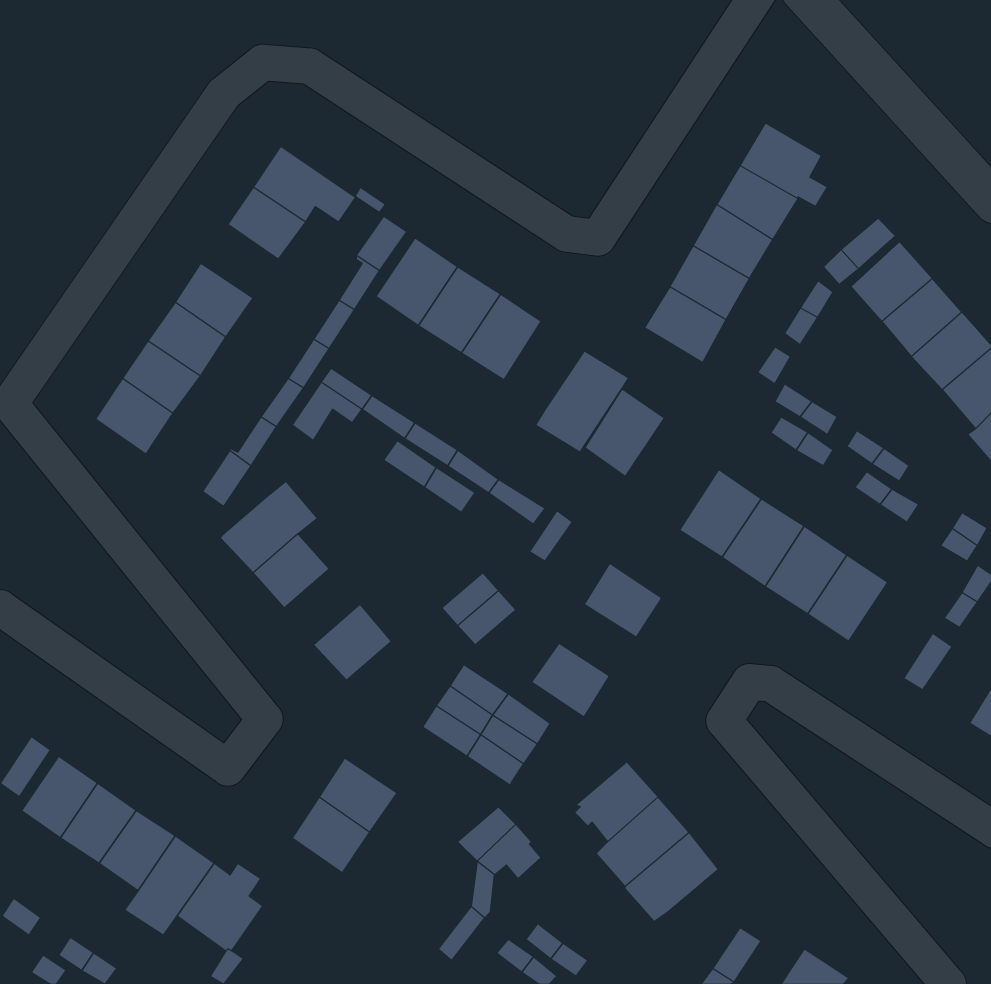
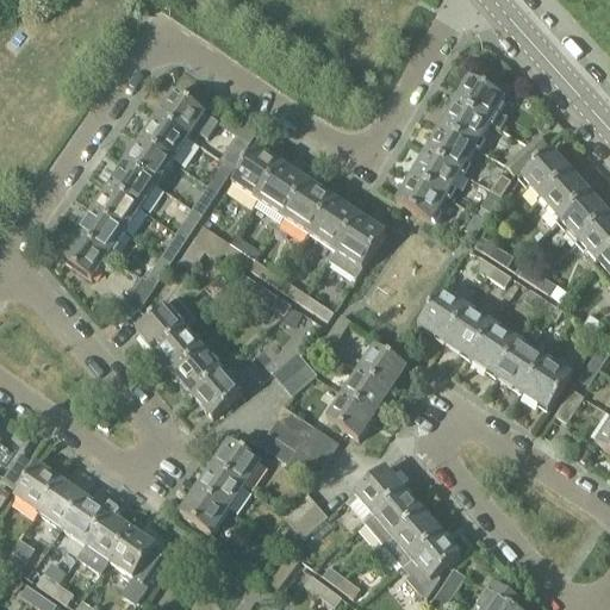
building: none -> [125,137,173,182]
building: [585,389,665,477] -> [311,197,360,250]
building: none -> [176,348,223,394]
building: none -> [522,356,573,410]
building: none -> [344,369,392,413]
building: none -> [213,440,261,485]
building: none -> [403,531,461,597]

